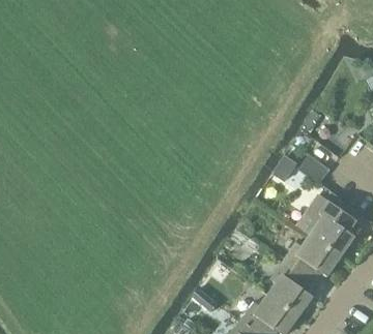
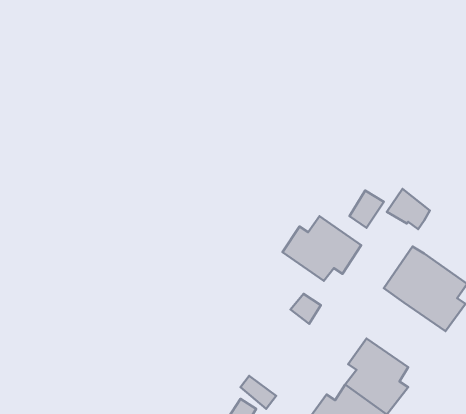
building: [284,235,341,281] -> [282,216,361,281]

